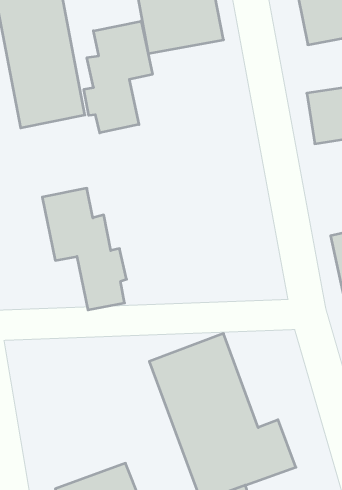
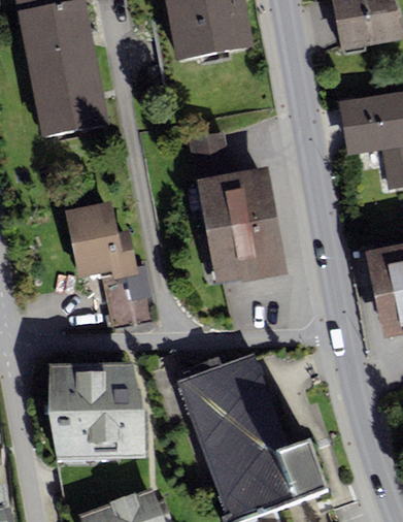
building: [84,21,152,133] -> none
building: none -> [188,132,287,284]
building: none -> [47,361,147,461]

